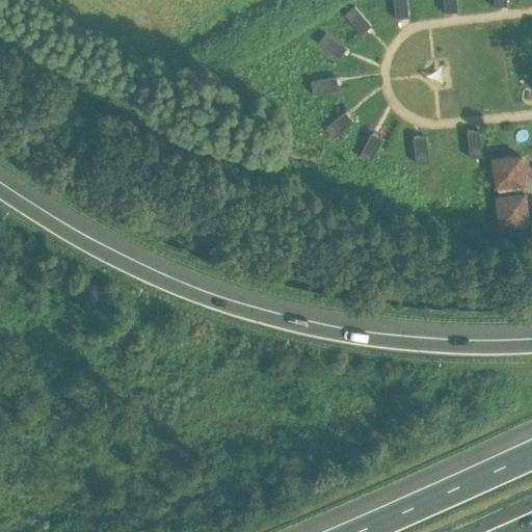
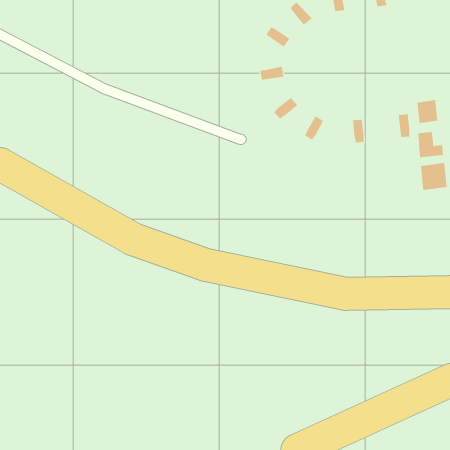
building: none -> [417,99,438,124]

